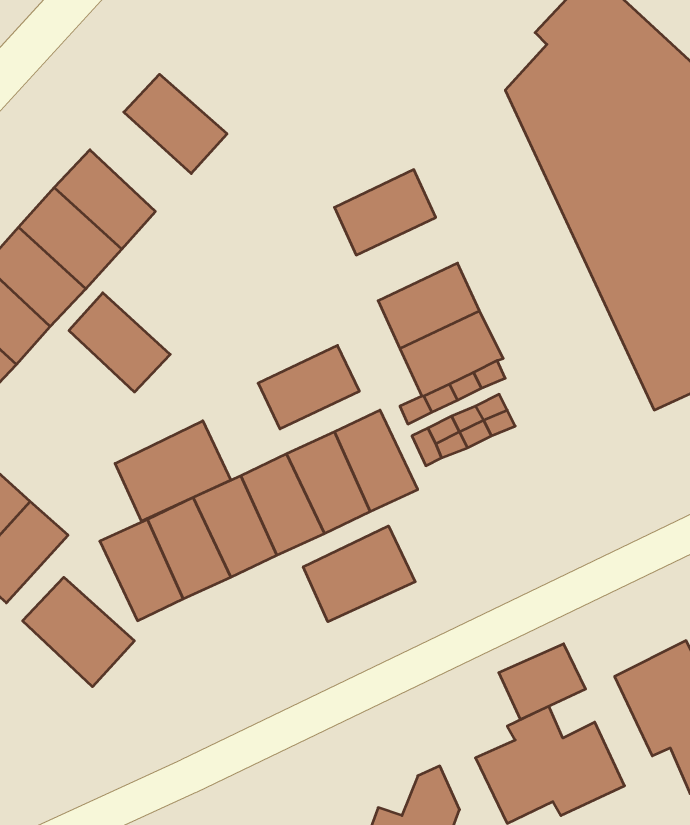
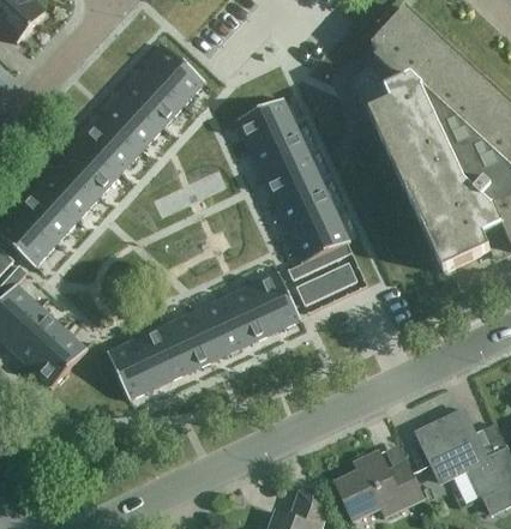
building: none -> [144,44,205,104]
building: none -> [236,97,297,149]
building: [69,293,170,392] -> [102,91,163,151]
building: [258,345,359,429] -> [263,155,324,205]
building: [115,421,231,521] -> none
building: [303,526,415,622] -> none
building: [23,577,134,687] -> none
building: [499,644,586,720] -> none

